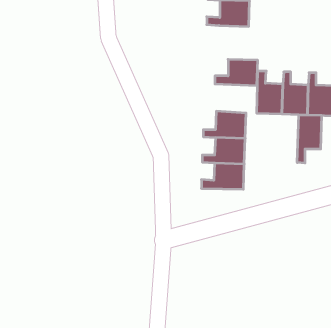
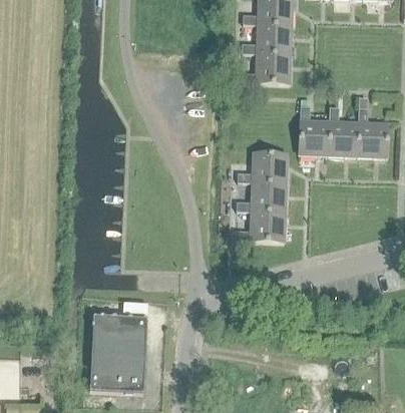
building: [215,59,258,86] -> [241,55,290,85]
building: [297,115,321,163] -> none
building: none -> [89,317,146,394]

